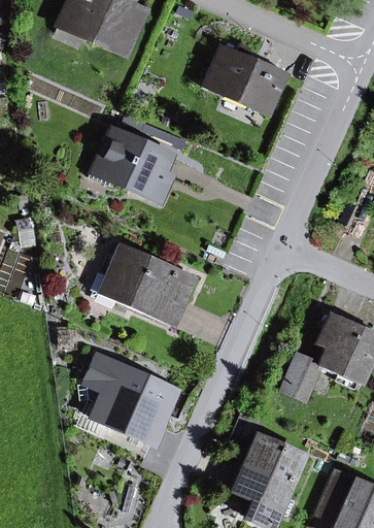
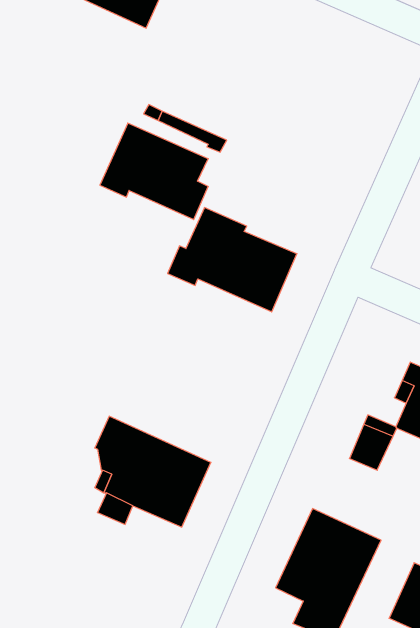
building: [203,43,288,114] -> none
building: [93,243,194,325] -> [168,208,297,312]

